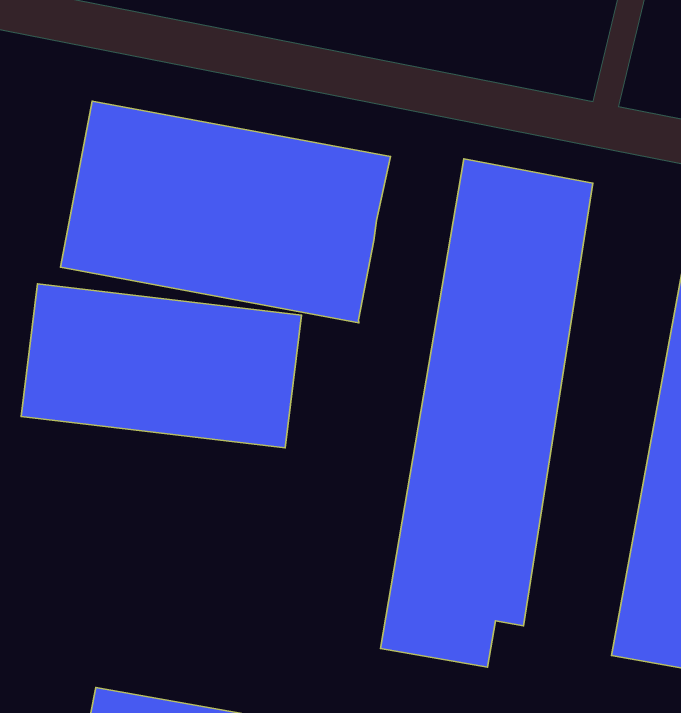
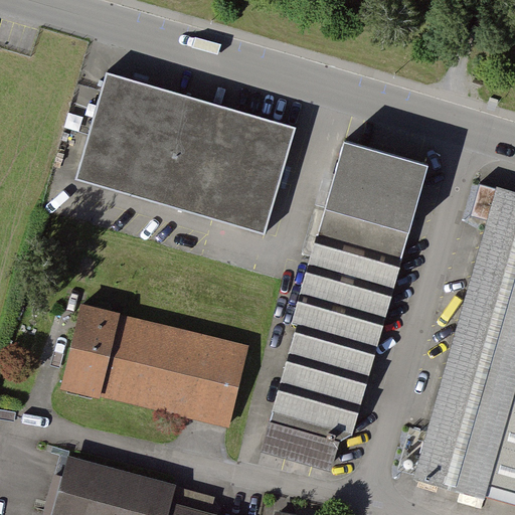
building: [21,284,301,448] -> [60,306,251,430]

